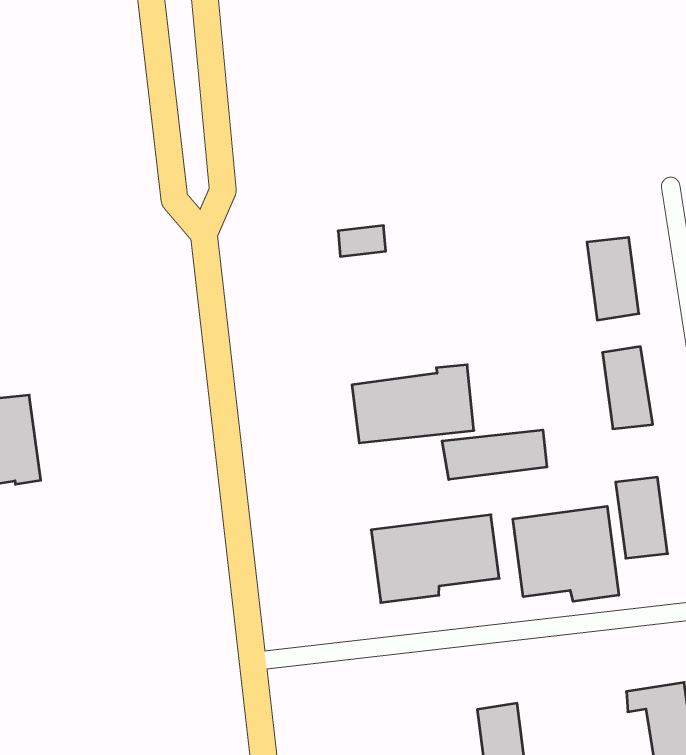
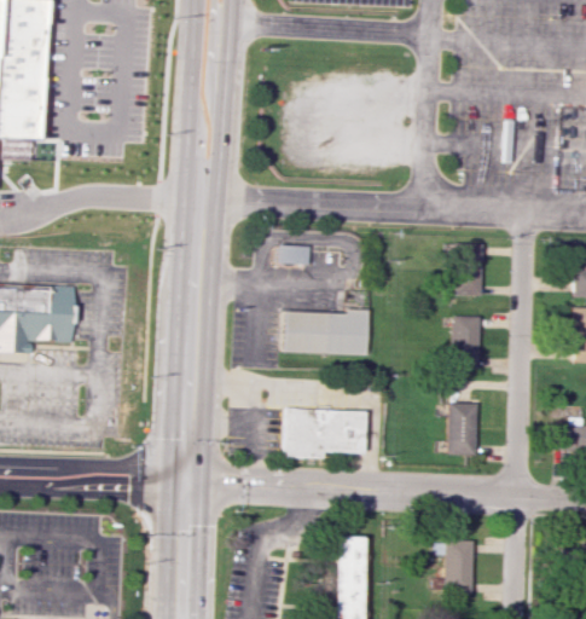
building: [338,226,386,256] -> [275,249,307,267]
building: [442,430,547,480] -> none
building: [513,506,619,601] -> none

